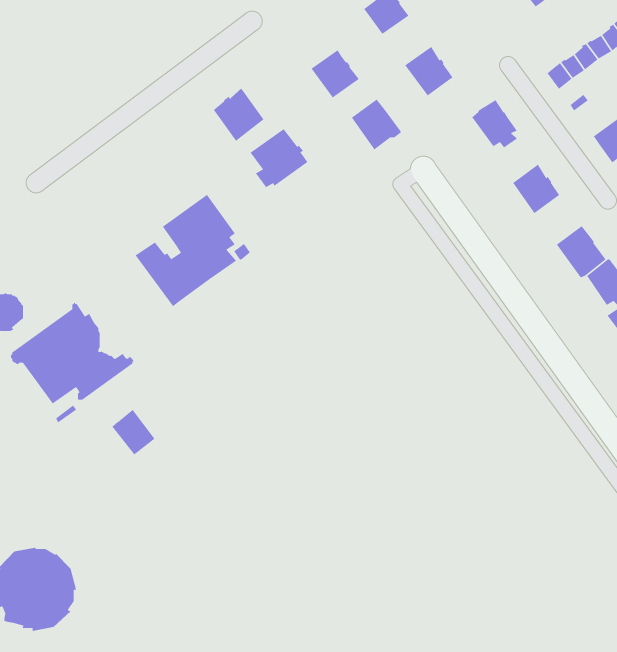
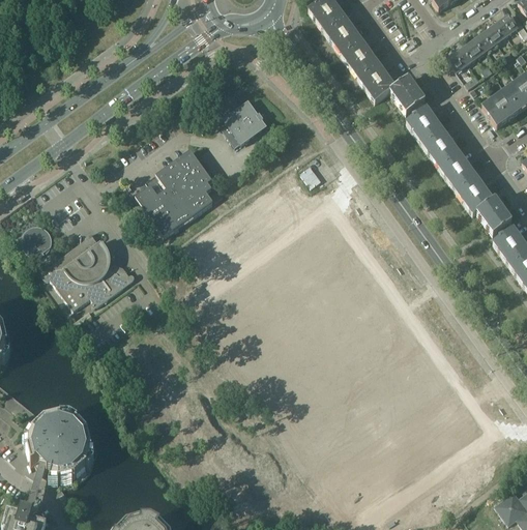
building: [311,49,360,98] -> [324,14,361,52]
building: [213,87,265,142] -> none
building: [351,98,401,150] -> [358,61,397,100]
building: none -> [408,107,442,141]
building: none -> [439,150,475,187]
building: [111,409,156,455] -> none

